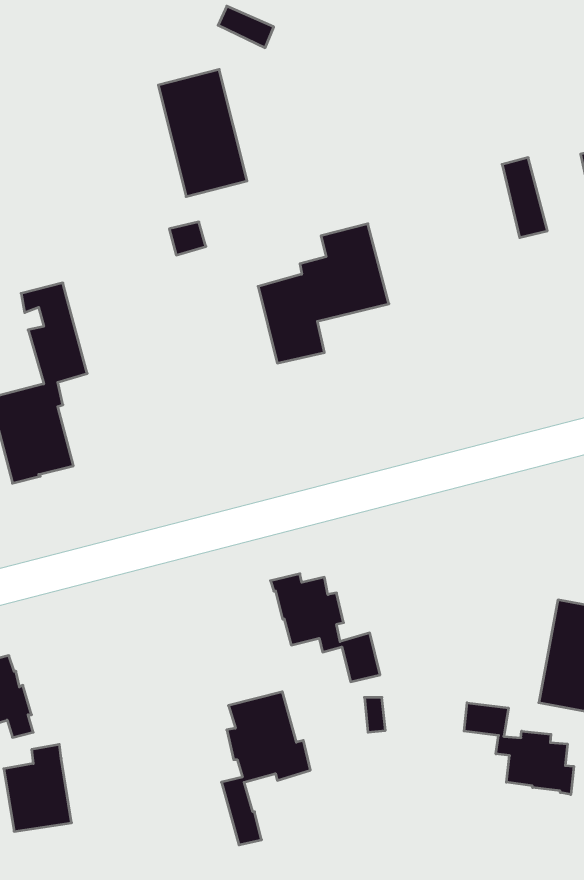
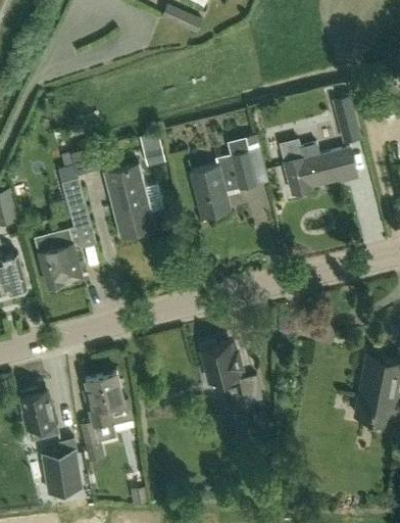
building: [158,69,247,197] -> [103,164,155,239]
building: none -> [284,145,357,195]
building: [221,692,310,845] -> [81,373,133,463]
building: [464,703,574,795] -> none

